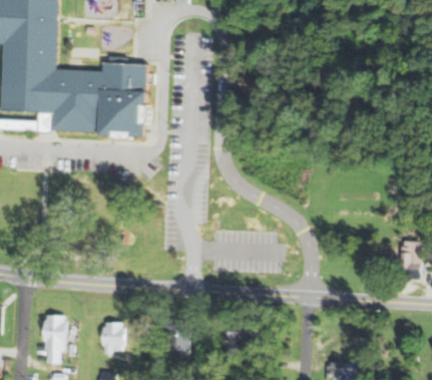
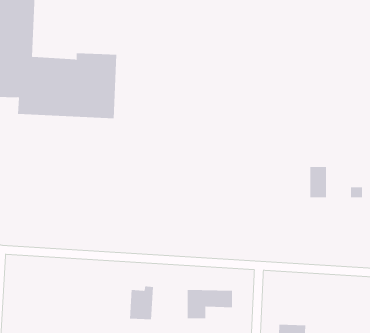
building: [401,239,420,273] -> [310,167,327,198]
building: [43,313,73,362] -> none
building: [101,321,123,352] -> none

